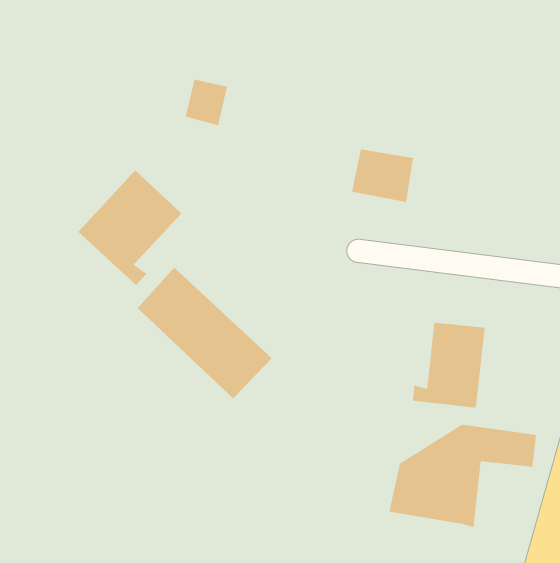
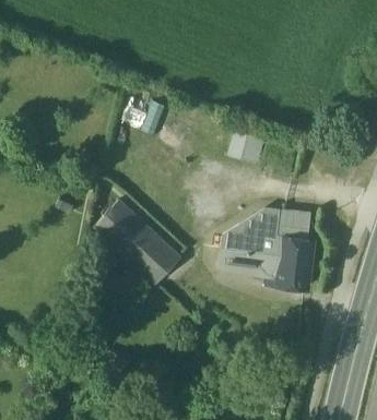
building: [78,170,182,286] -> none
building: [388,424,537,528] -> [222,211,313,274]

